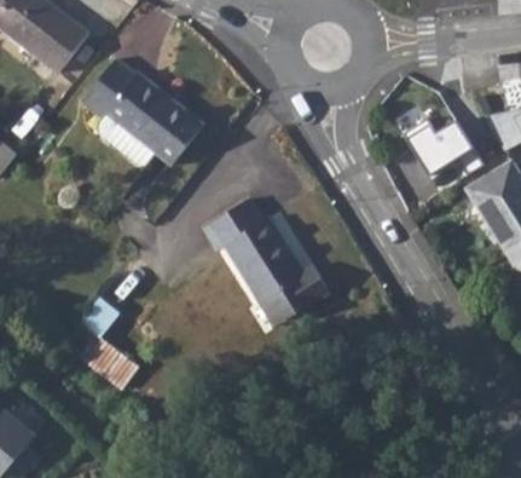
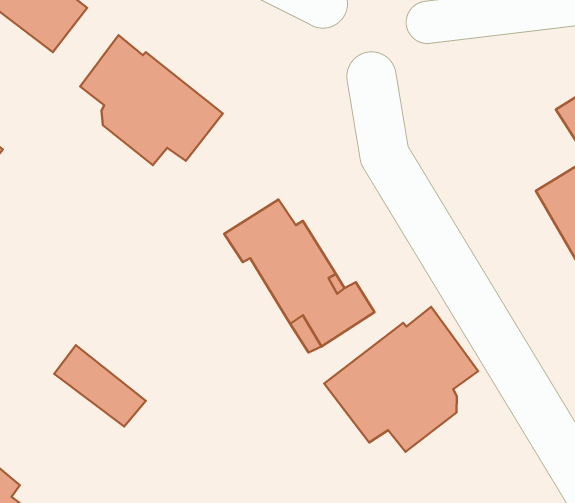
building: [405,119,485,177] -> none
building: none -> [324,307,478,452]

